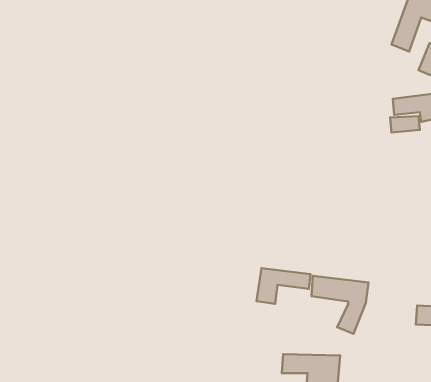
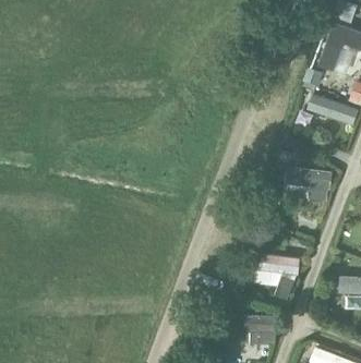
building: none -> [286,166,332,198]
building: [257,268,310,304] -> none

